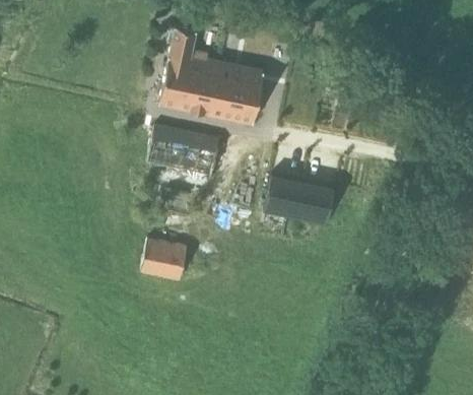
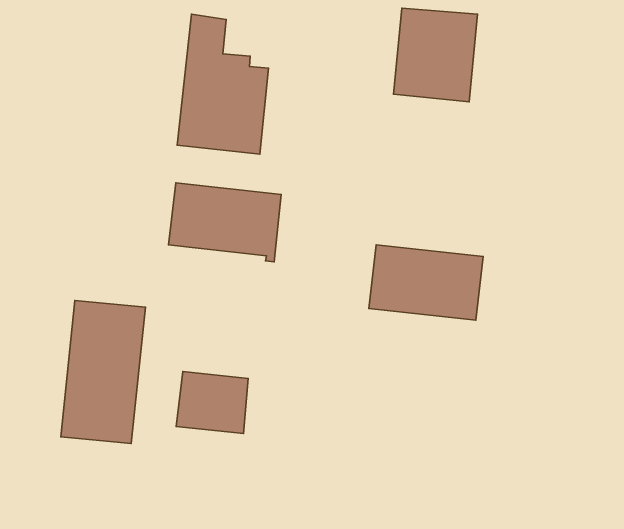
building: [208,62,263,122] -> [393,8,477,102]
building: none -> [61,301,145,444]

